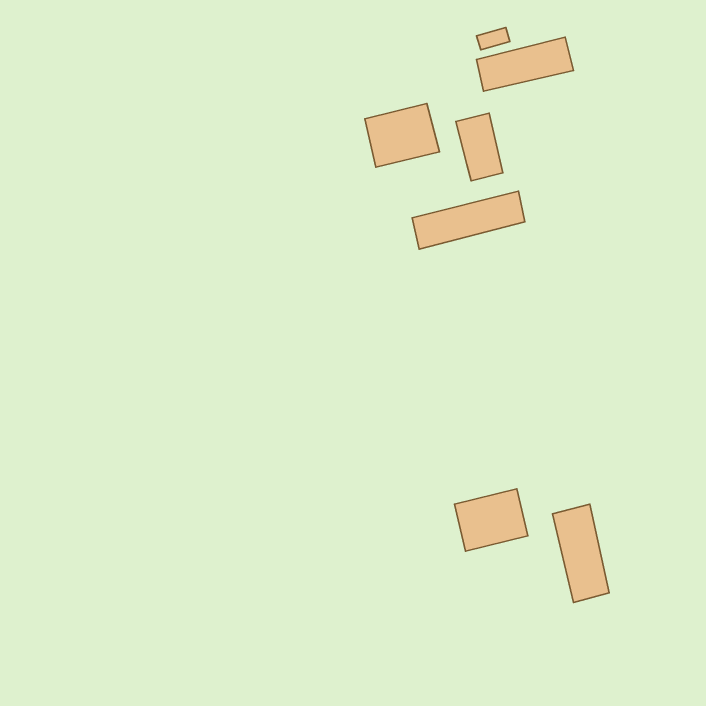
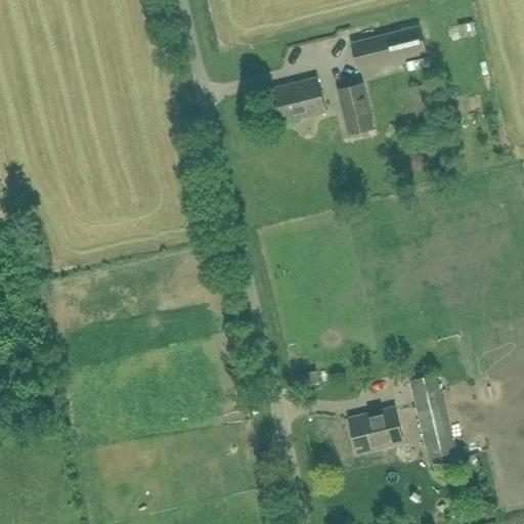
building: [412,191,525,249] -> none
building: [455,489,528,551] -> [348,406,402,452]

